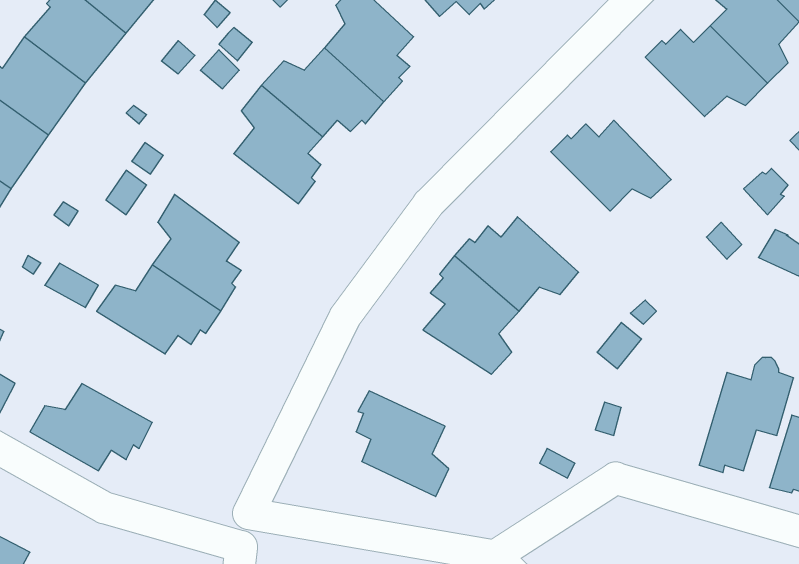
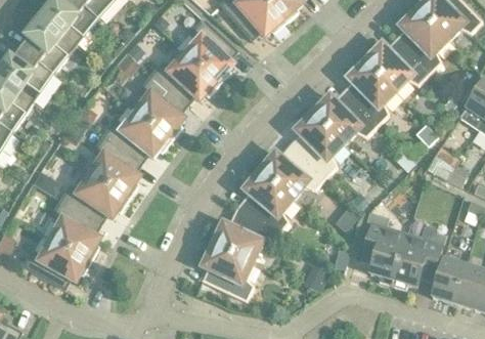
building: none -> [344,58,394,126]
building: none -> [291,111,342,177]
building: none -> [101,112,170,161]
building: none -> [50,199,98,260]
building: none -> [209,209,276,262]
building: none -> [359,214,406,284]

